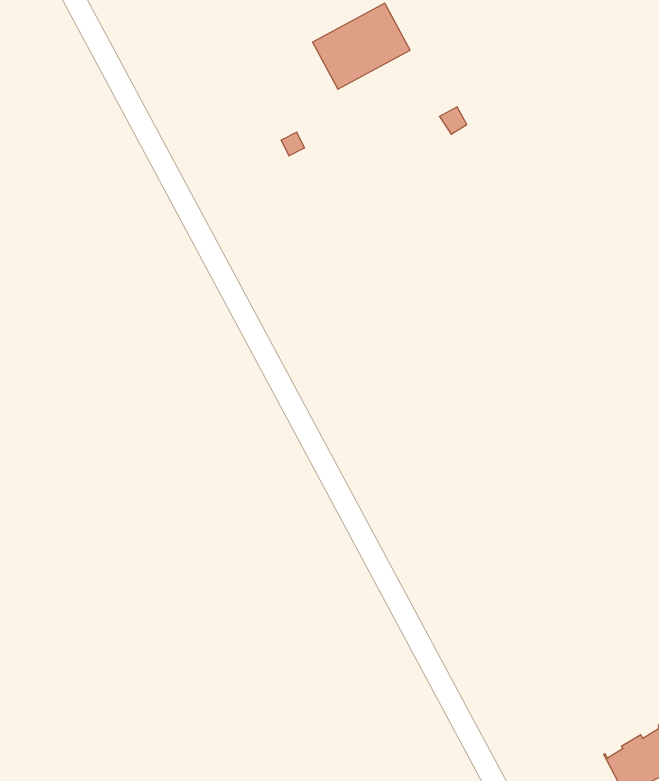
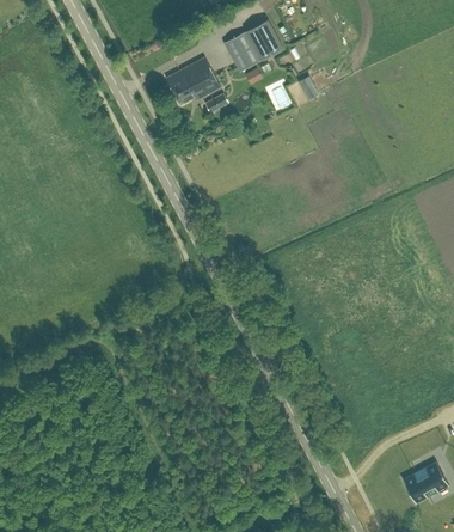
building: none -> [166,57,221,103]

